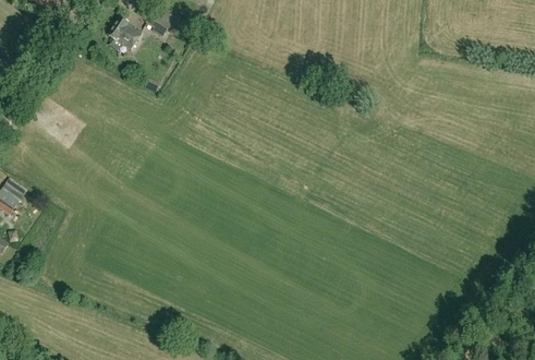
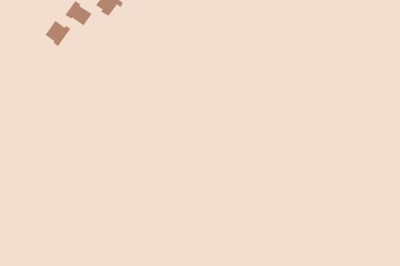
building: none -> [45,20,71,47]

